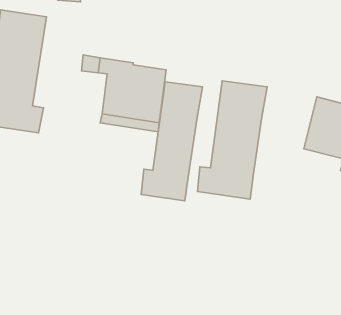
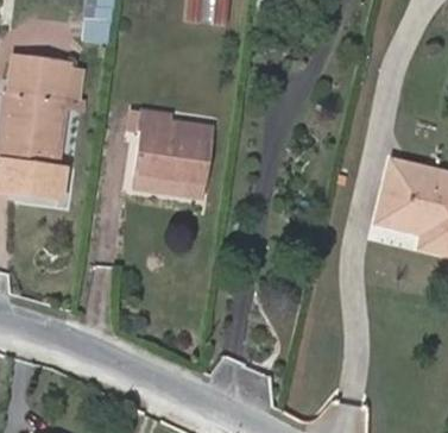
building: [197,81,267,199] -> none
building: [141,82,202,201] -> none

